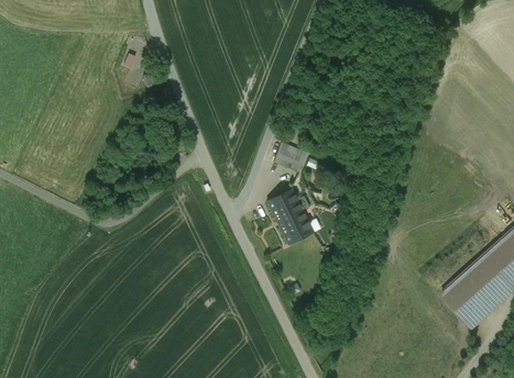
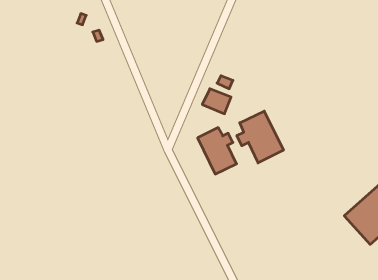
building: none -> [237,111,283,163]

